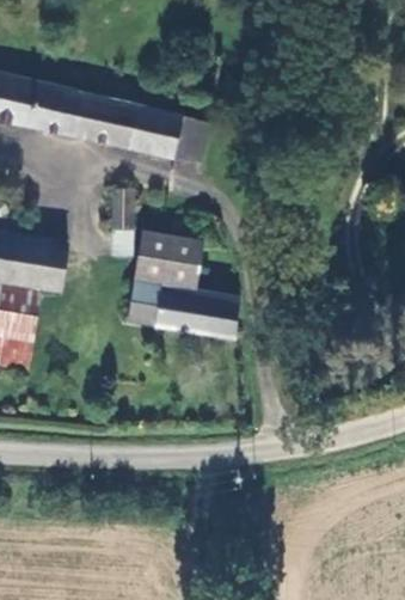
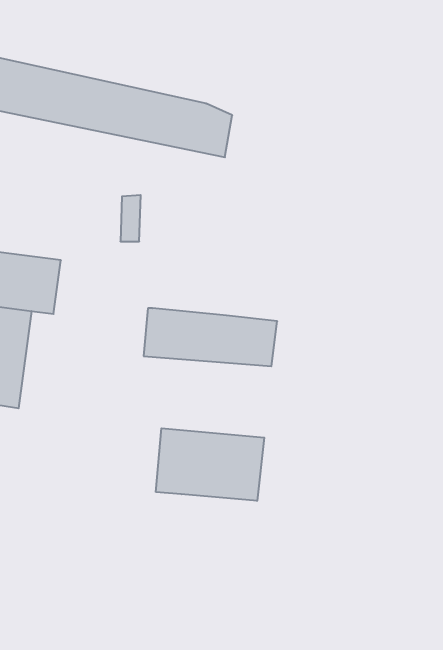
building: [139,229,204,290] -> none
building: none -> [156,428,264,501]

